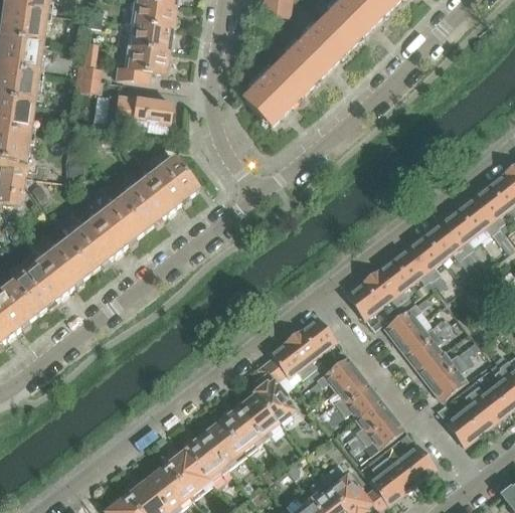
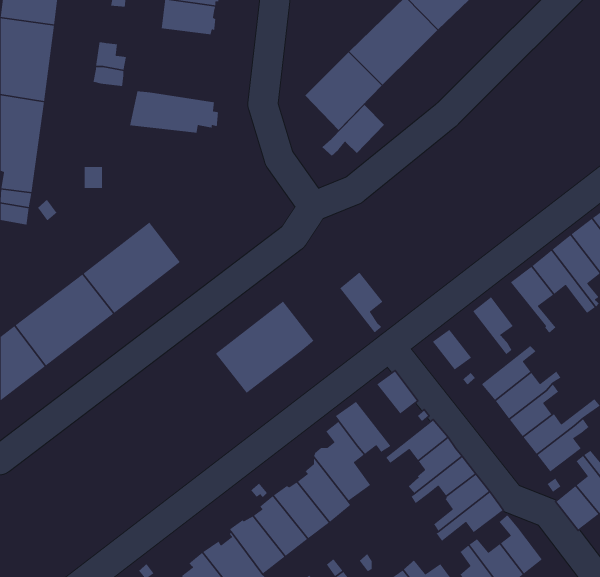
building: [116,45,170,82] -> none
building: none -> [322,104,385,157]
building: [120,157,199,231] -> [215,300,315,394]
building: [392,247,436,297] -> none
building: [359,271,404,311] -> none
building: [285,329,320,378] -> [339,272,383,333]

